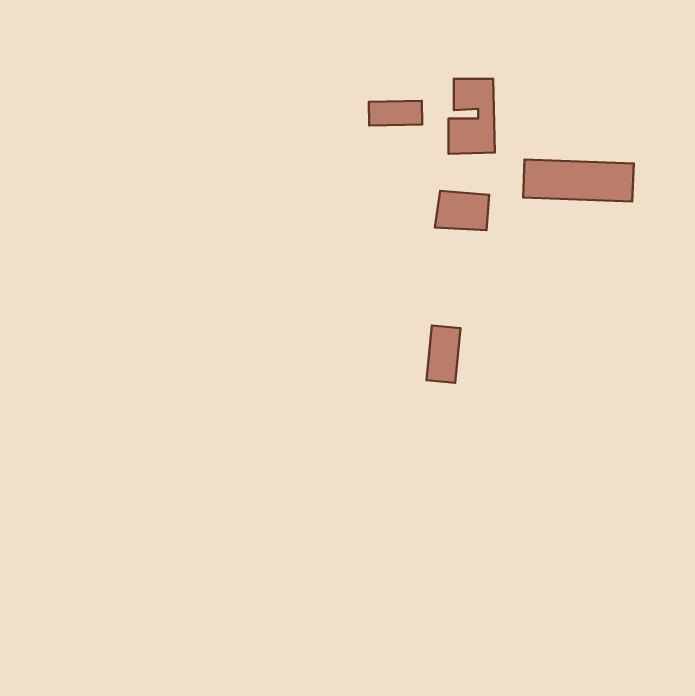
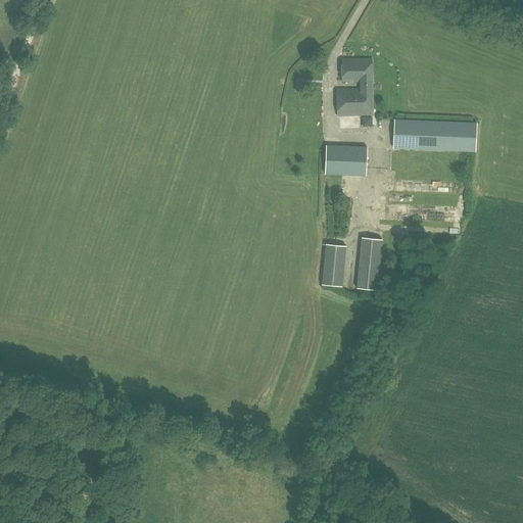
building: [369,101,422,125] -> none
building: none -> [355,238,381,290]

